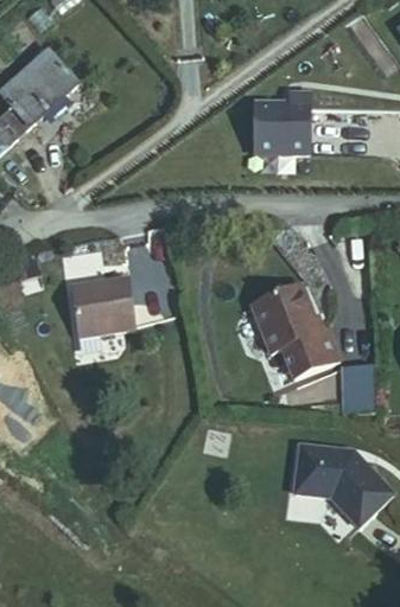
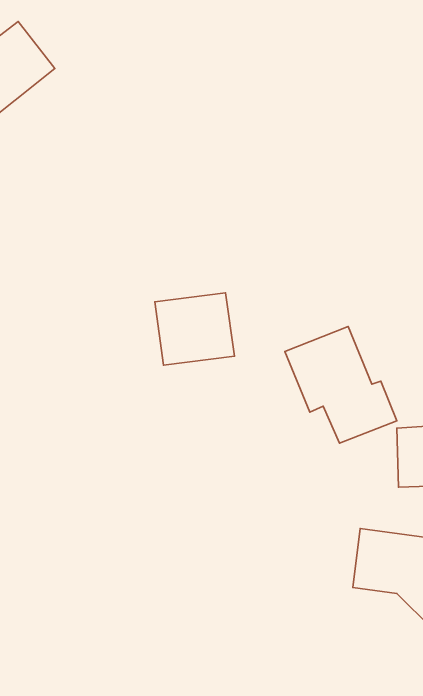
building: [243,94,299,154] -> none
building: [80,279,144,337] -> [155,293,234,365]

